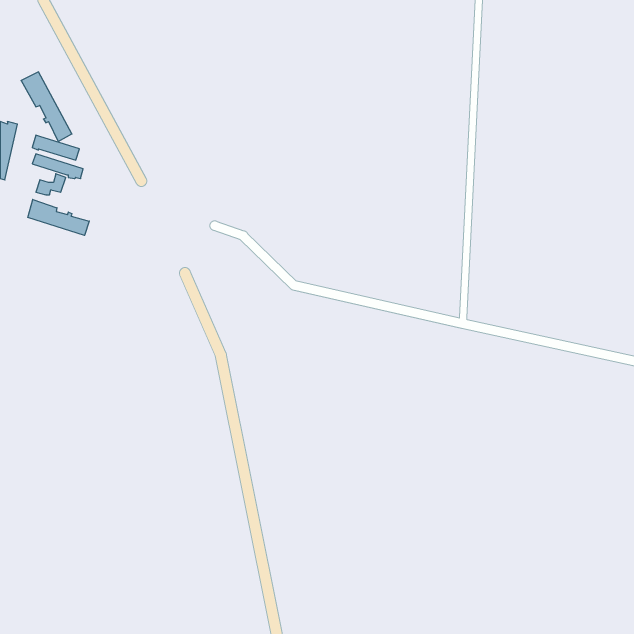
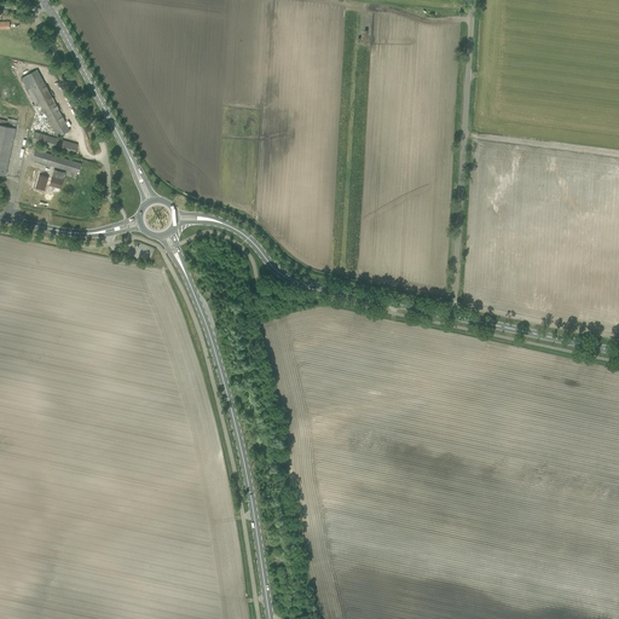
building: [28,199,89,235] -> none

